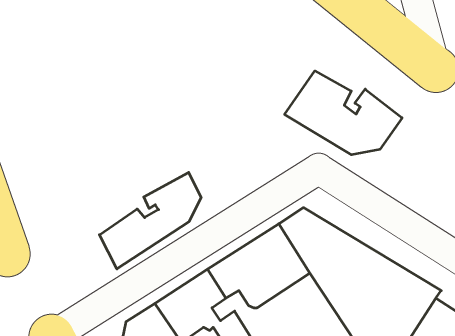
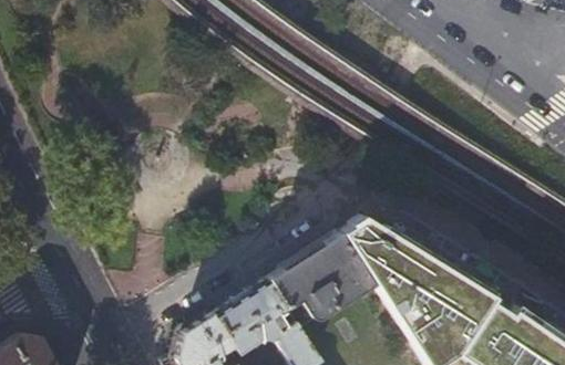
building: [285,71,402,155] -> none
building: [99,172,201,269] -> none

